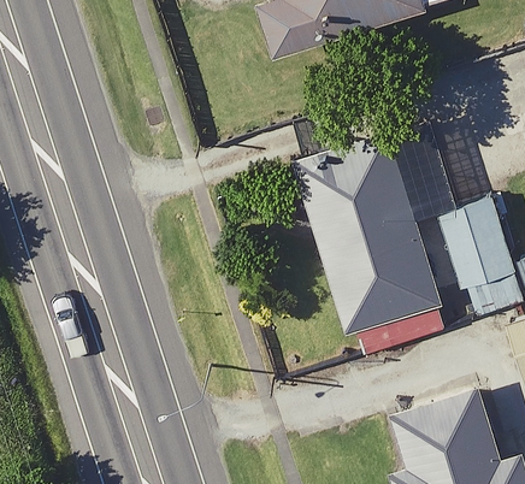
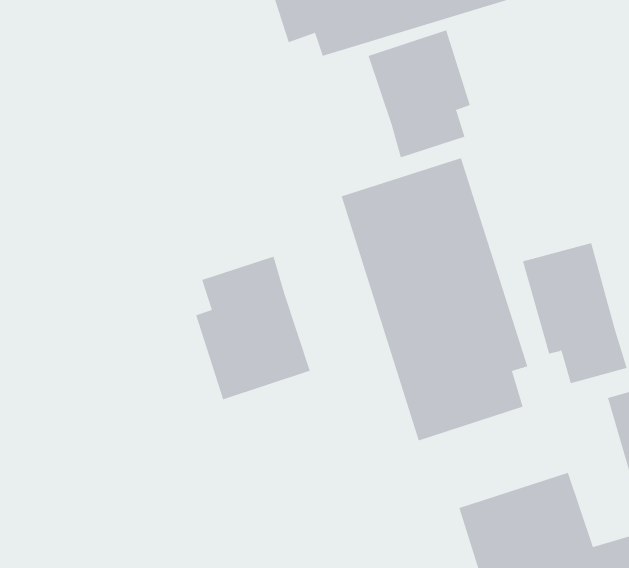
building: none -> [368,30,471,158]
building: none -> [196,256,311,400]

